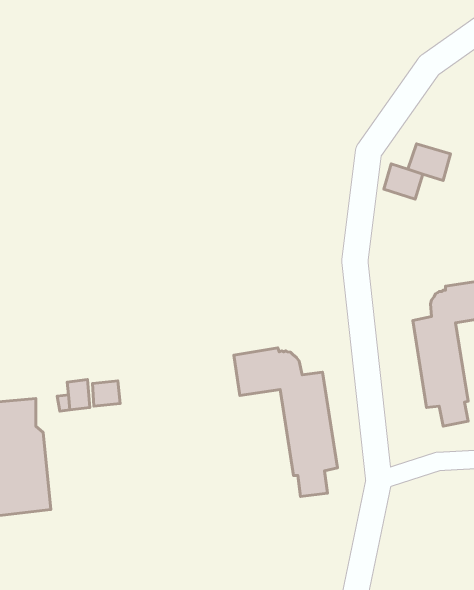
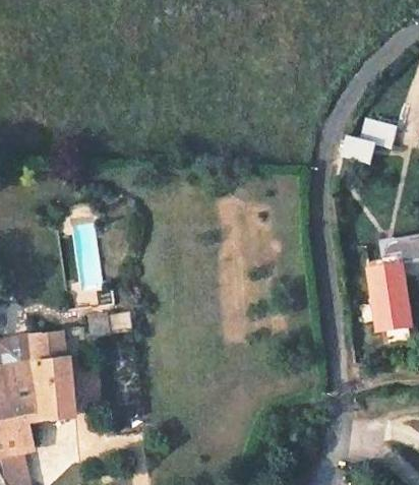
building: [234,348,338,496] -> none

